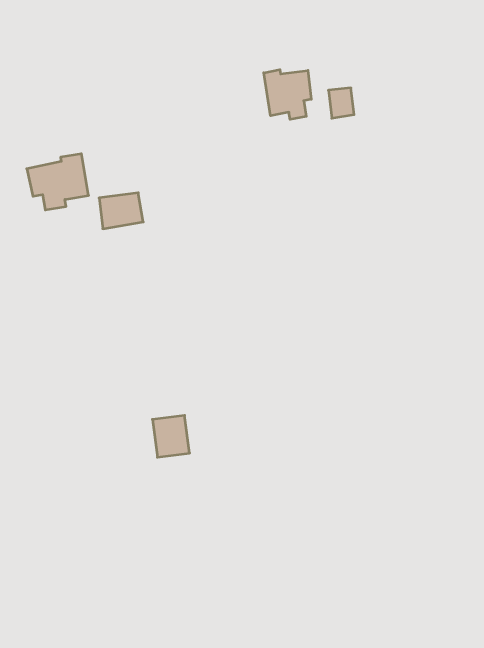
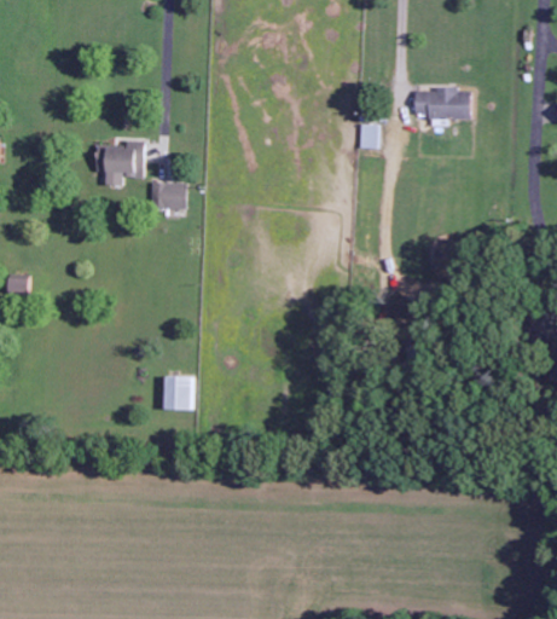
building: none -> [414,87,470,117]
building: [264,70,311,119] -> none

